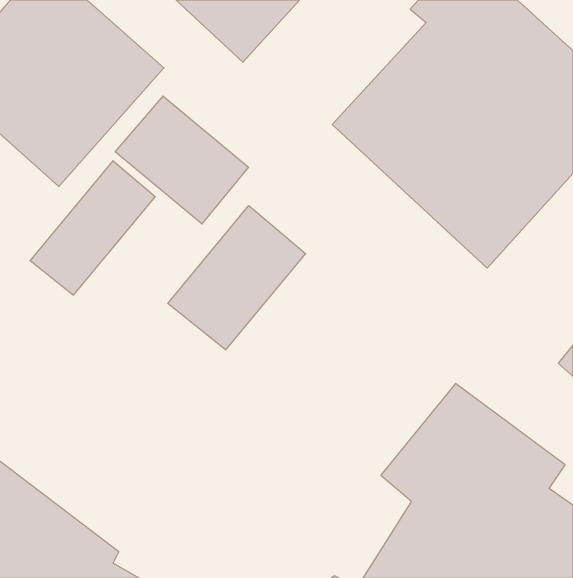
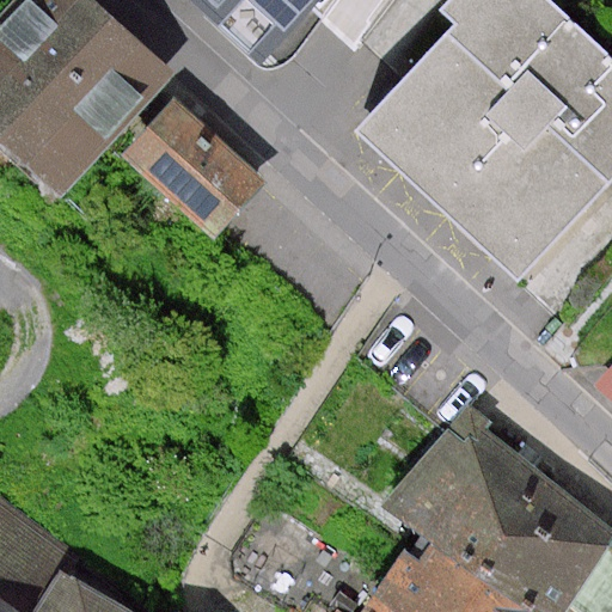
building: [30,161,155,295] -> none
building: [168,206,306,350] -> none

